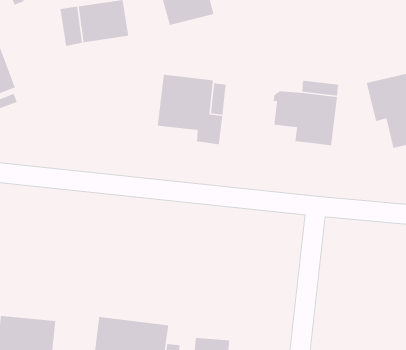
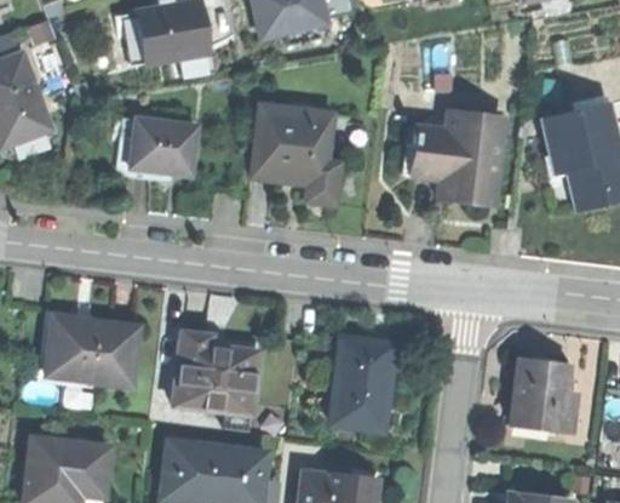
building: none -> [131,120,197,173]
building: none -> [46,318,136,384]
building: none -> [173,332,257,413]
building: none -> [334,341,392,429]
building: none -> [511,360,573,438]

